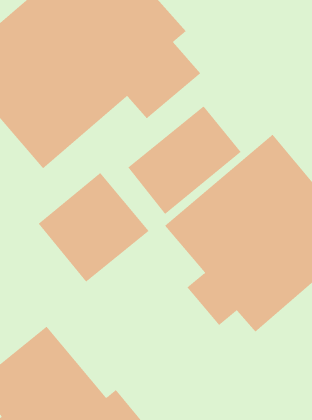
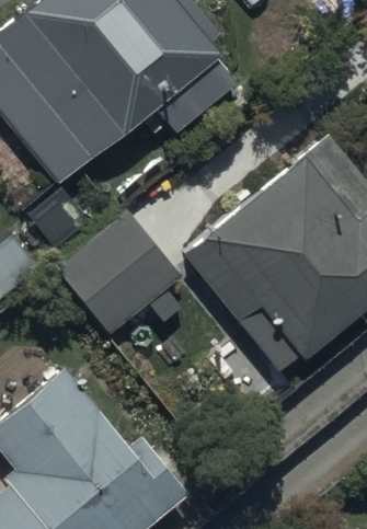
building: [128,106,242,215] -> none

